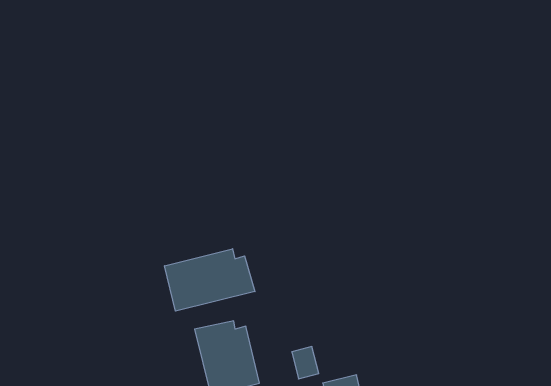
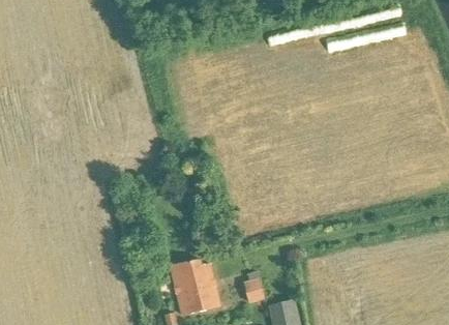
building: [165,249,255,311] -> none

